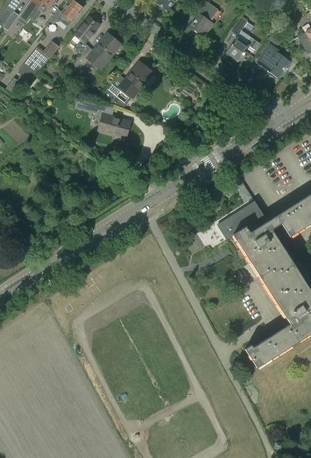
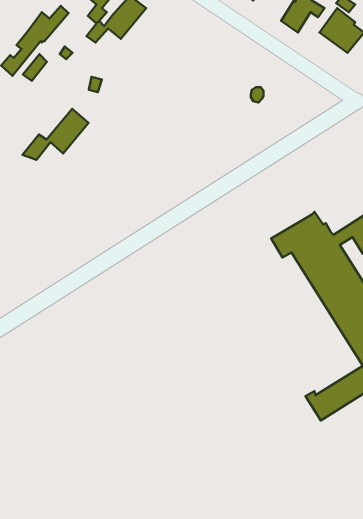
building: [100,62,152,102] -> [22,109,89,160]
building: [98,114,129,137] -> none

